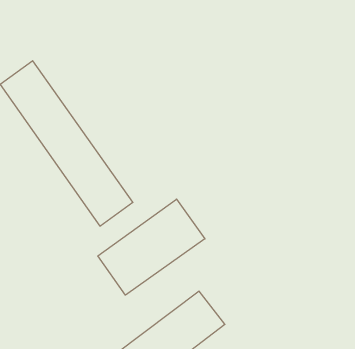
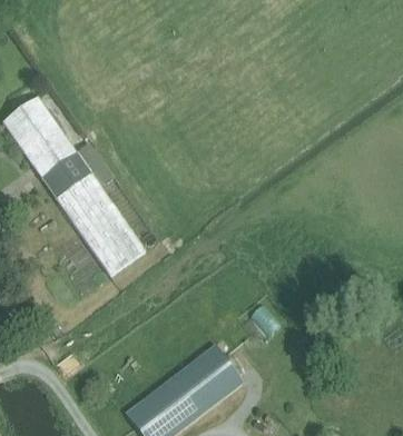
building: [98,199,205,295] -> none

